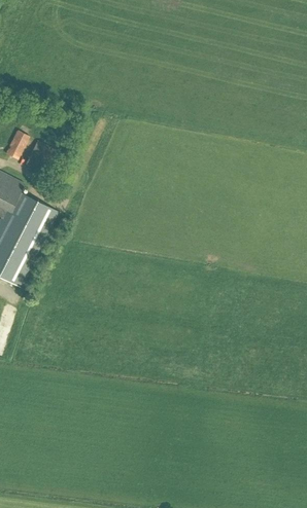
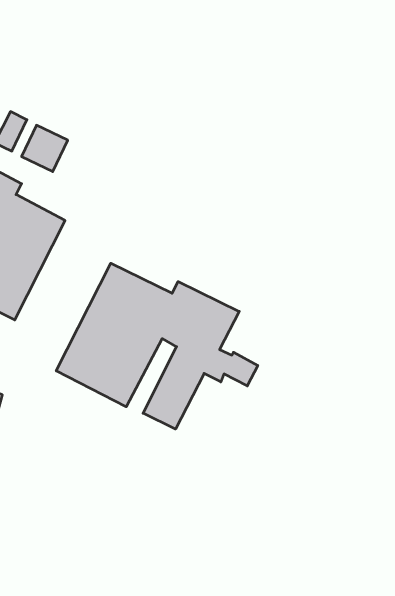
building: none -> [56,263,258,429]

